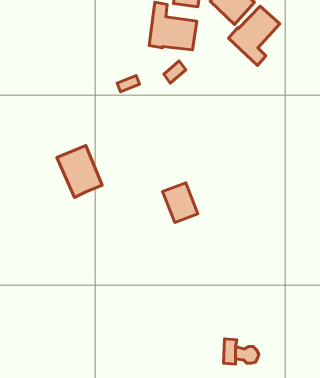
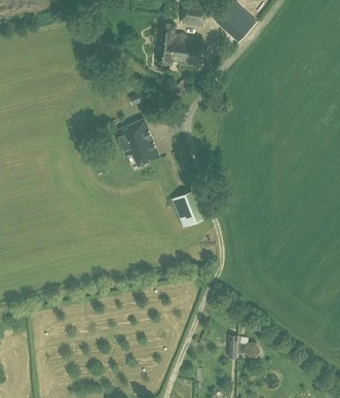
building: [229,6,280,65] -> none
building: [57,145,102,197] -> [116,119,158,168]

